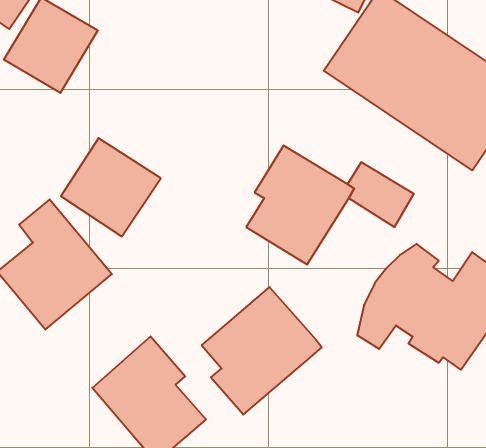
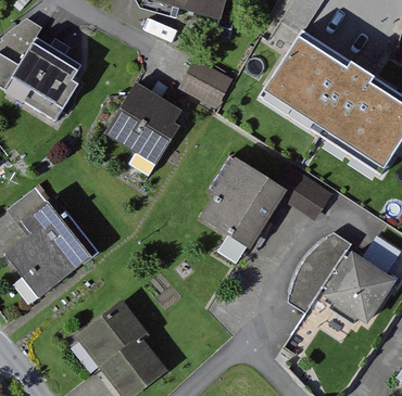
building: none -> [180,58,233,106]
building: [61,138,161,236] -> [106,84,185,161]
building: [202,287,322,415] -> none

